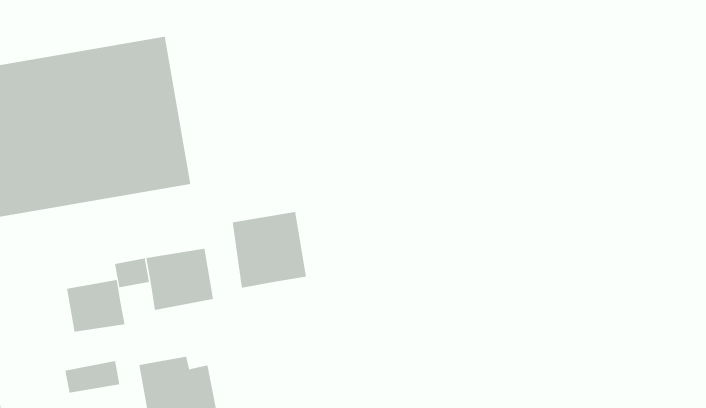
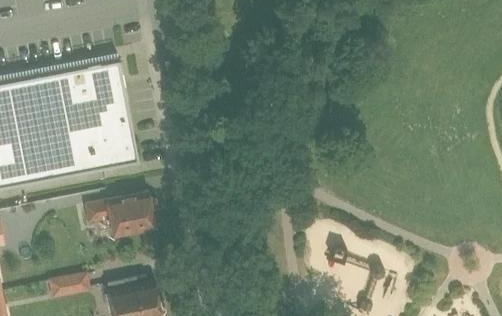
building: [232,211,306,288] -> none
building: [66,279,125,332] -> none

